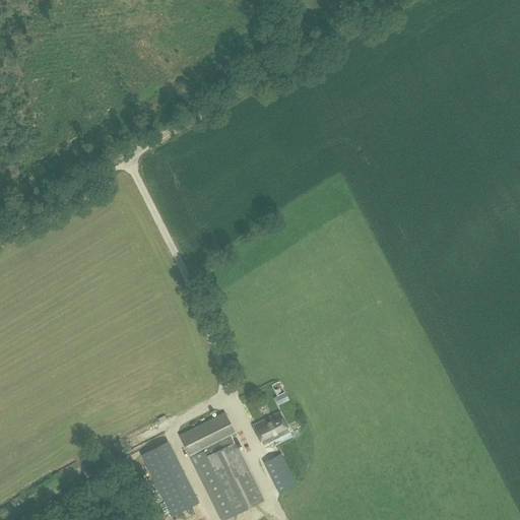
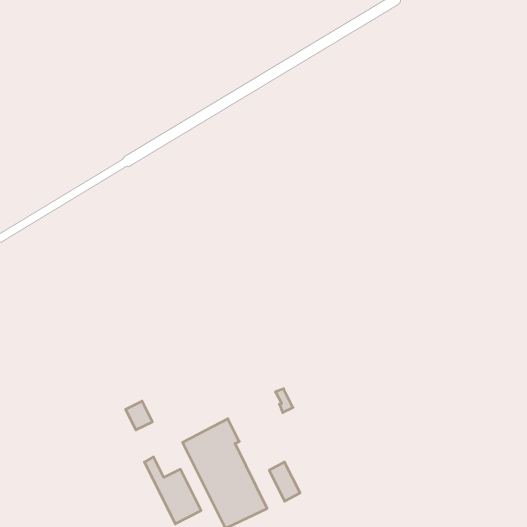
building: [253,411,289,445] -> none
building: [151,442,178,470] -> [126,401,152,430]

